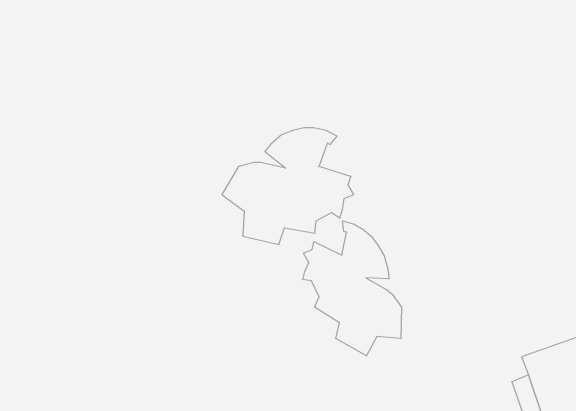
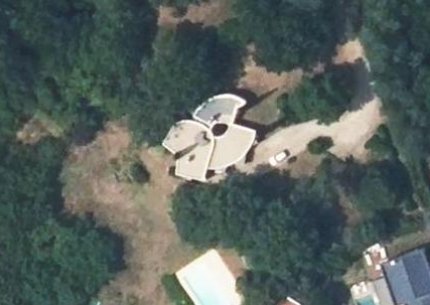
building: [303,221,401,356] -> none

